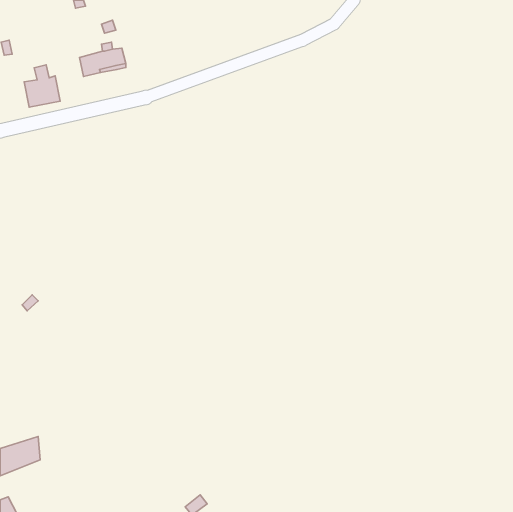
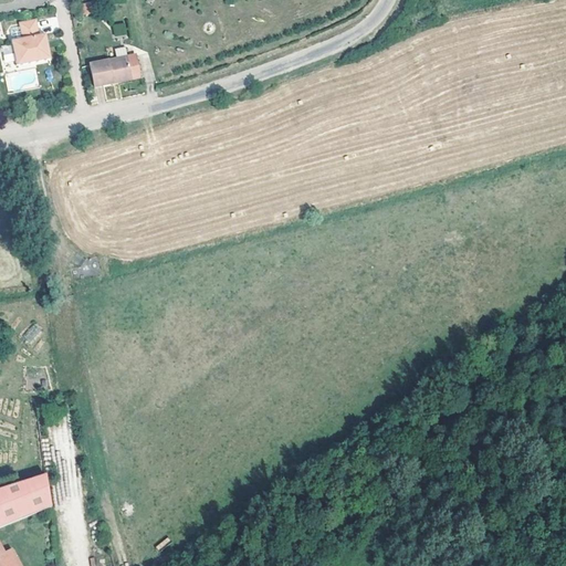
building: [24,65,60,107] -> [11,12,51,59]

